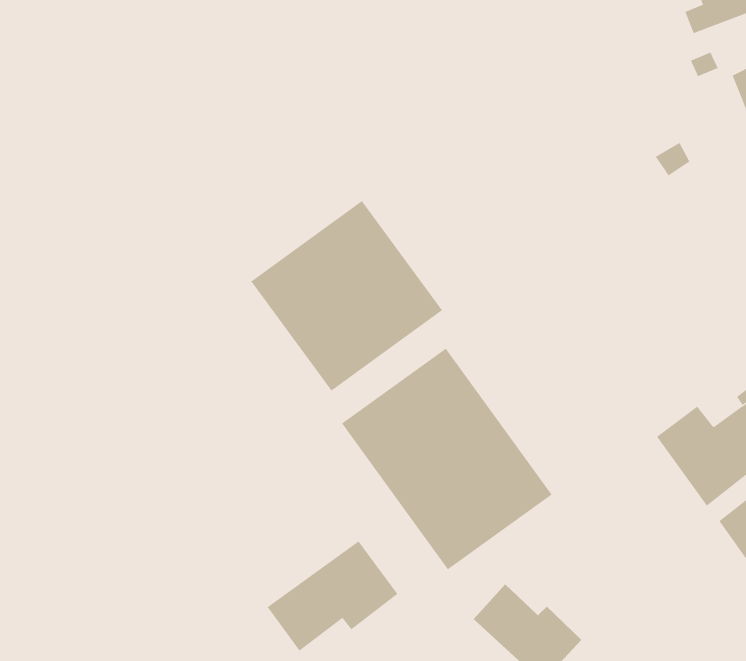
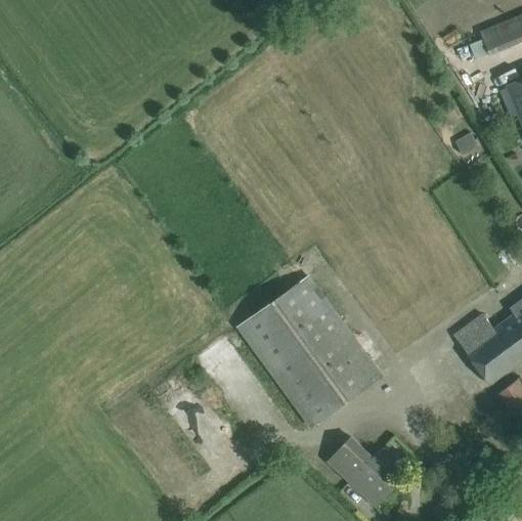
building: [251,200,443,392] -> none
building: [267,540,398,652] -> none

